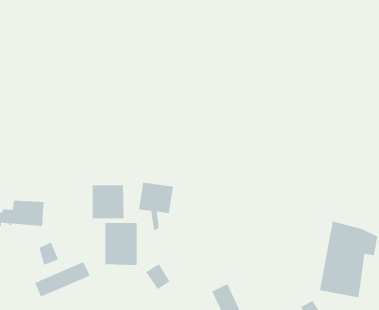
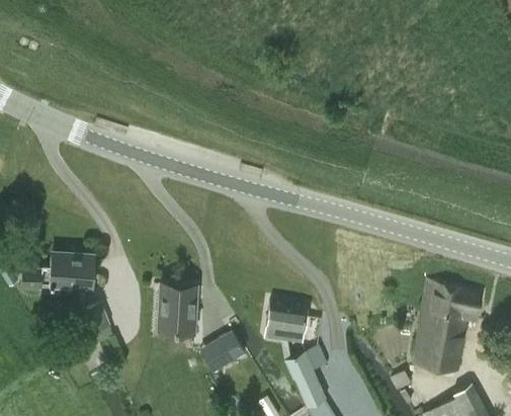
building: [138,182,174,231] -> [266,307,308,364]
building: [92,185,124,219] -> none
building: [34,261,90,298] -> none

